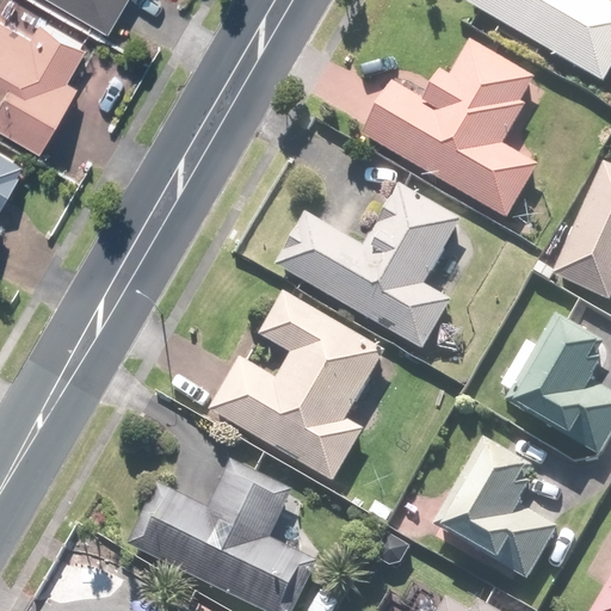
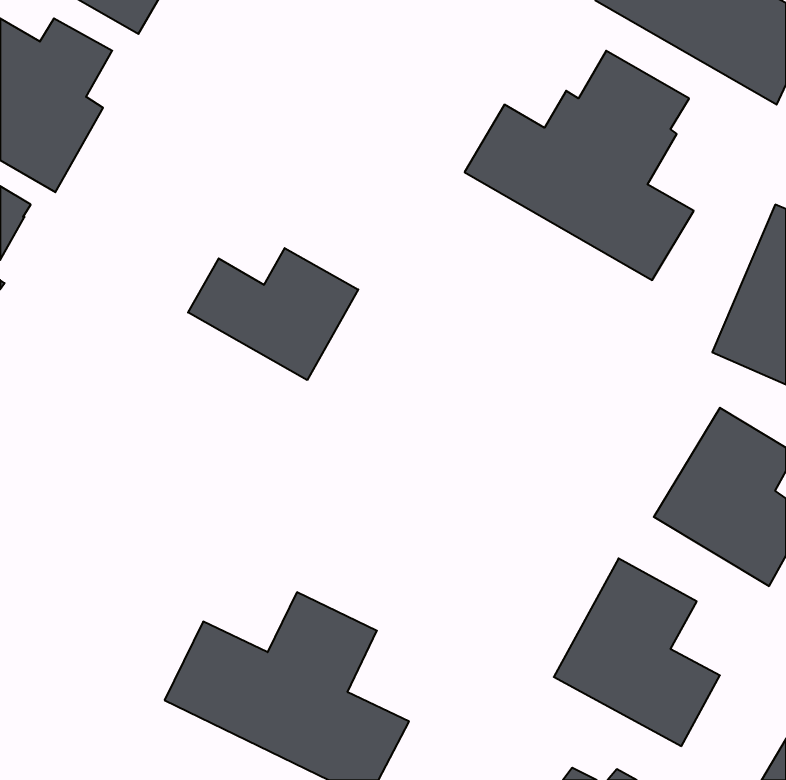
building: [274,184,461,348] -> none
building: none -> [188,248,358,380]
building: [209,292,384,481] -> none

